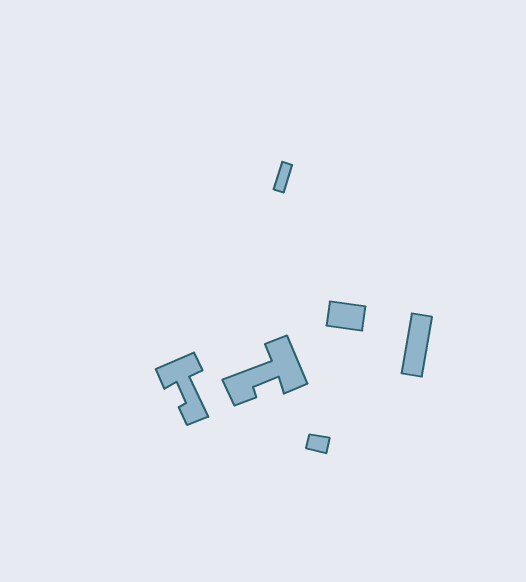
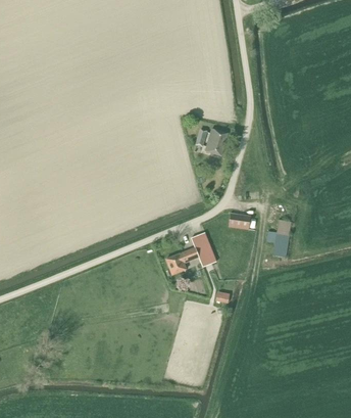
building: none -> [205,129,228,156]
building: [156,352,208,425] -> none

